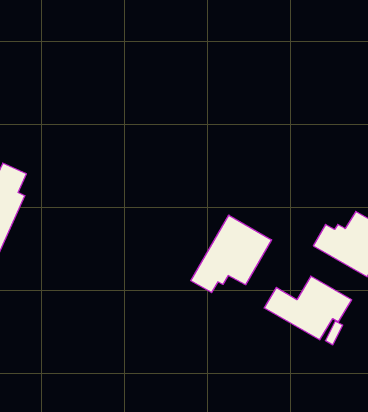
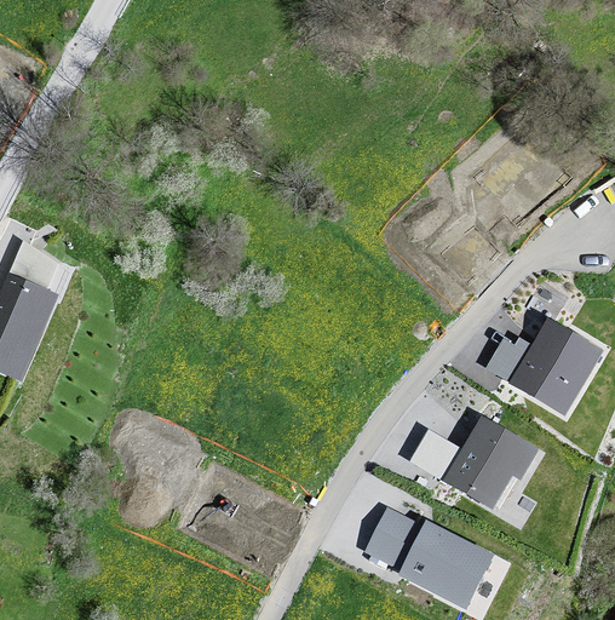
building: [191,215,272,293] -> none
building: none -> [363,506,495,610]

